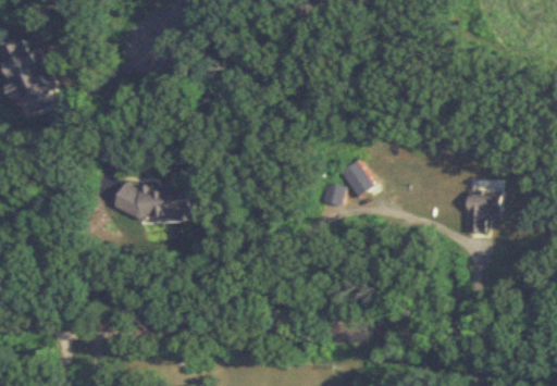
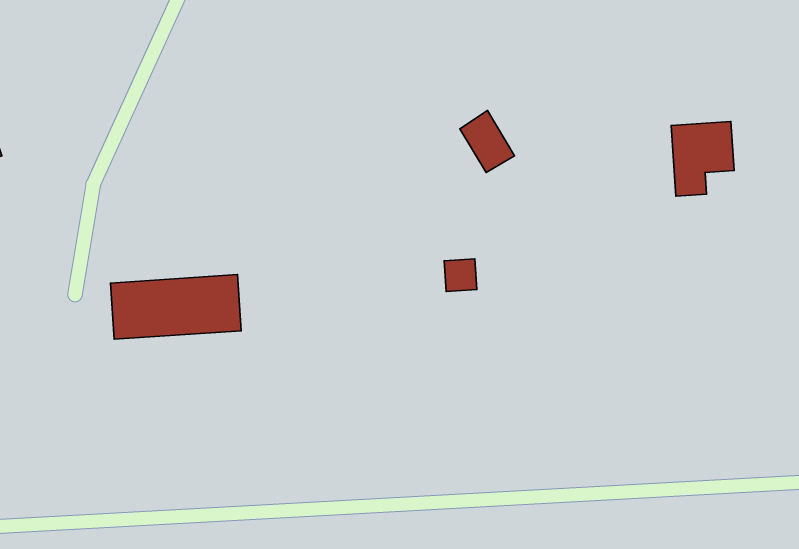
building: [338,160,370,197] -> [460,110,514,172]
building: [466,189,502,232] -> [671,122,734,196]

